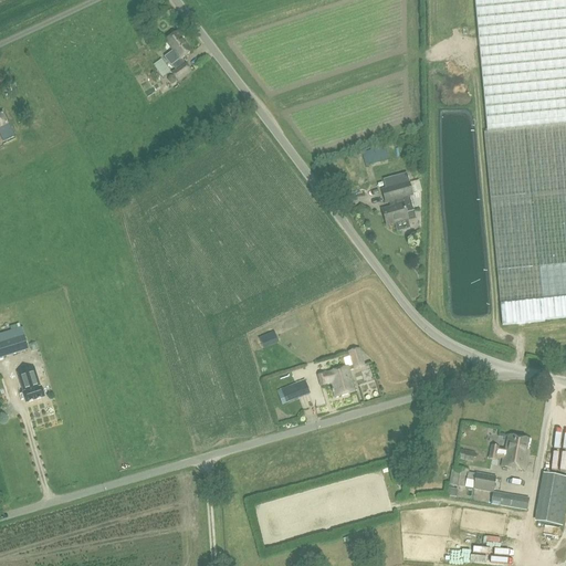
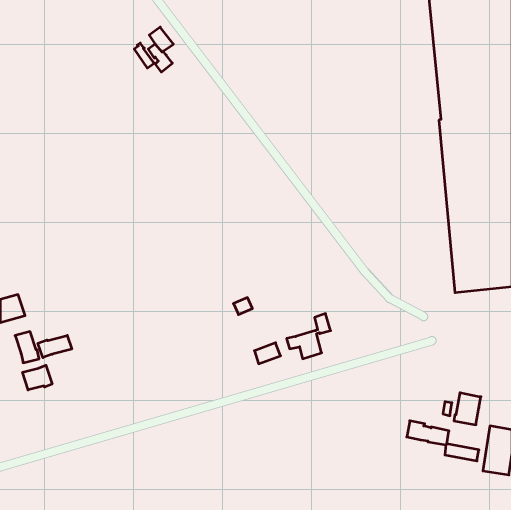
building: [382,180,415,230] -> none
building: none -> [38,335,72,358]
building: none -> [23,365,52,390]

